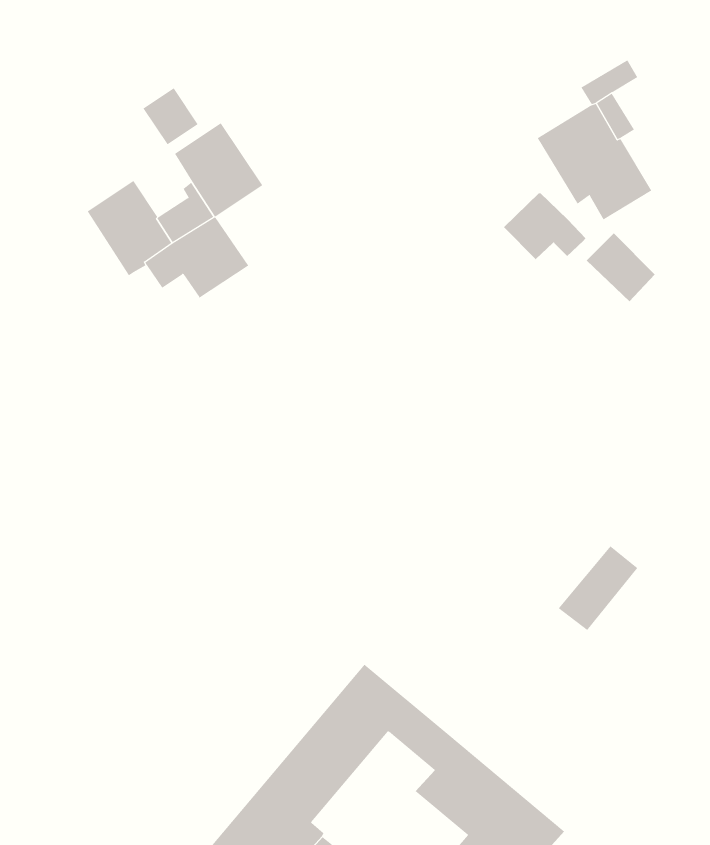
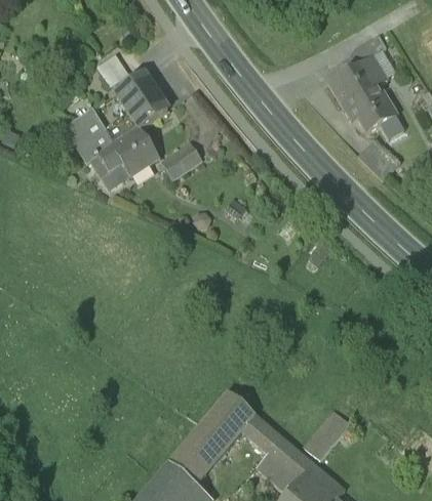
building: [503,192,586,261] -> none
building: none -> [162,144,202,180]
building: none -> [92,158,130,190]
building: [558,545,638,631] -> [304,410,351,460]

